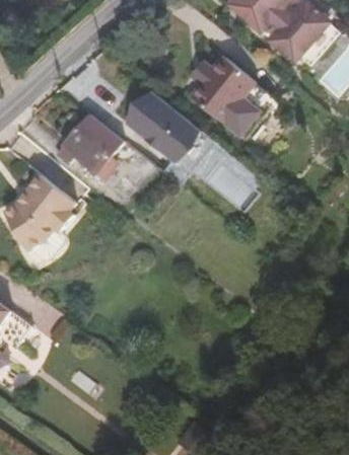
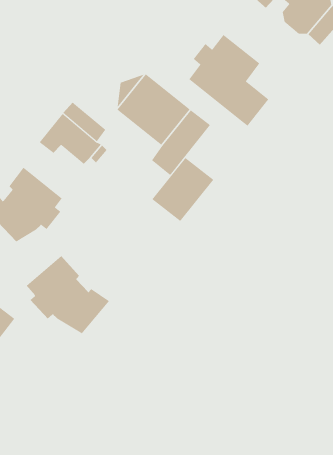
building: none -> [151,157,214,222]
building: none -> [26,255,110,334]

